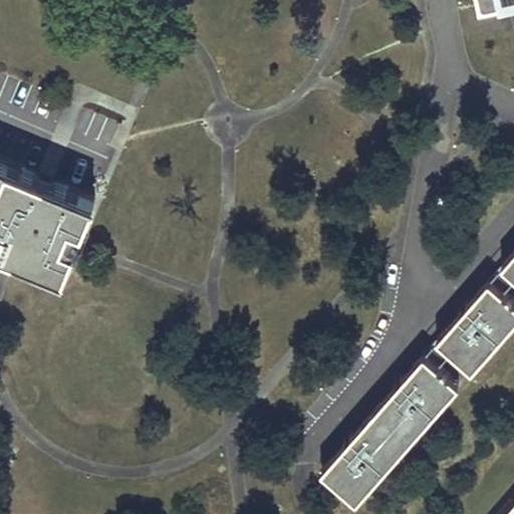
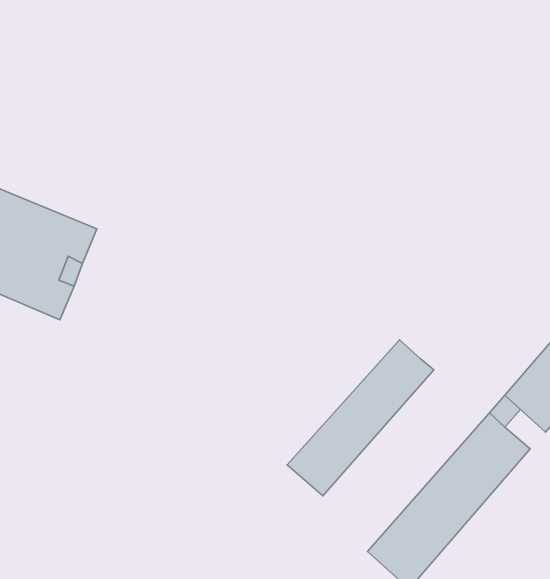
building: none -> [287,340,434,496]

